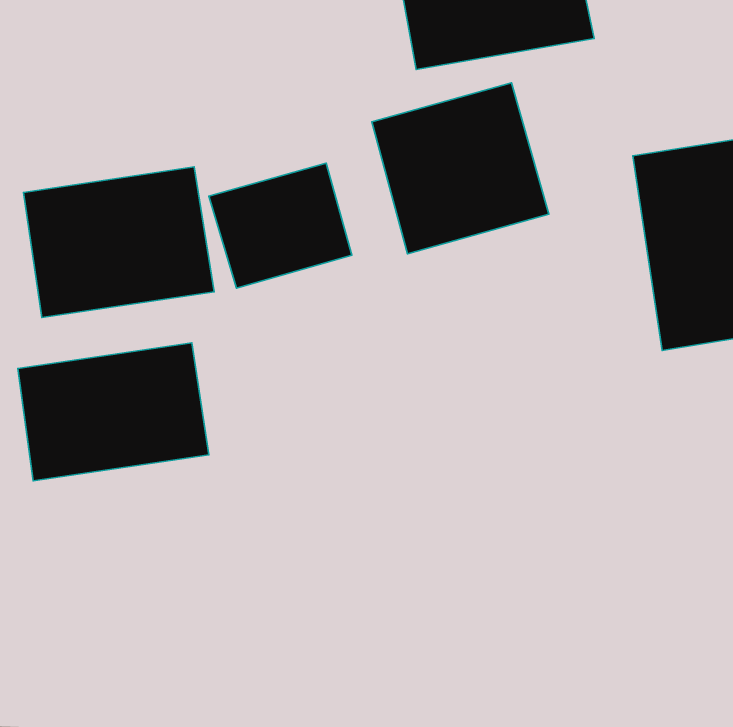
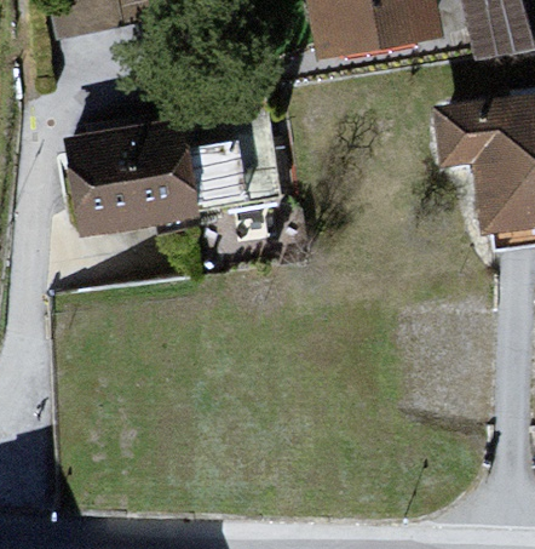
building: [372,83,549,254] -> none
building: [18,343,209,481] -> none

